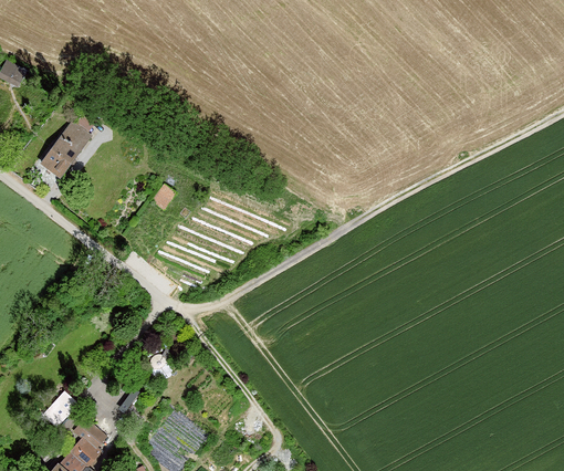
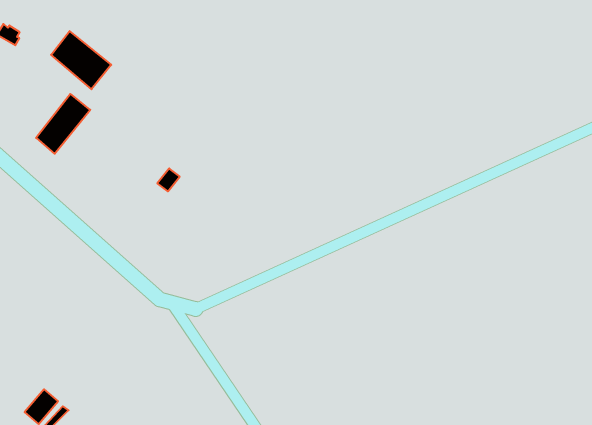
building: none -> [51,31,111,89]

